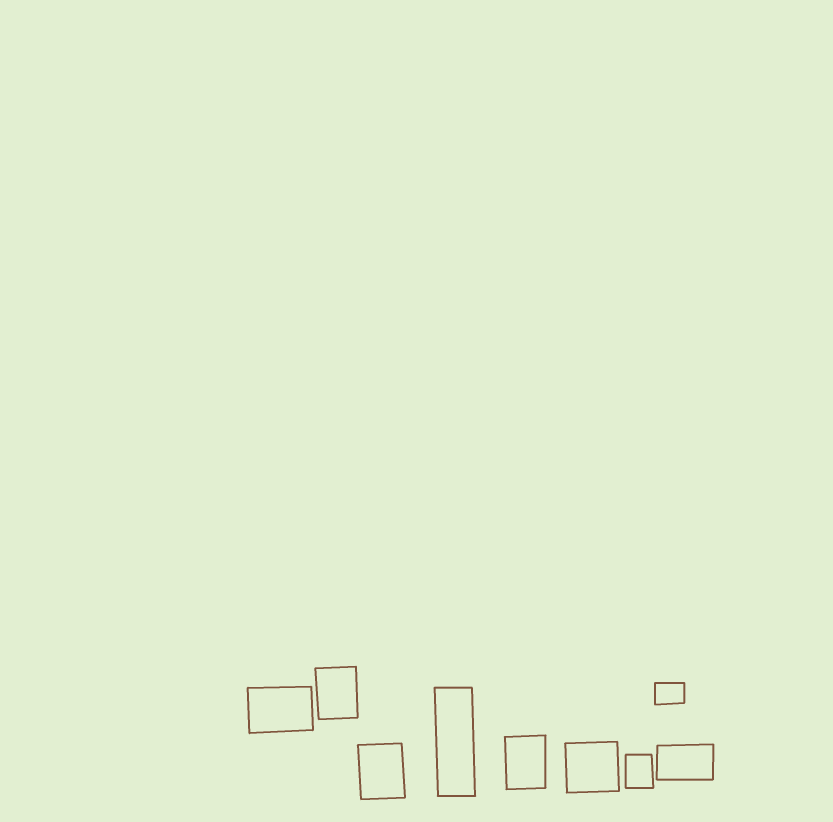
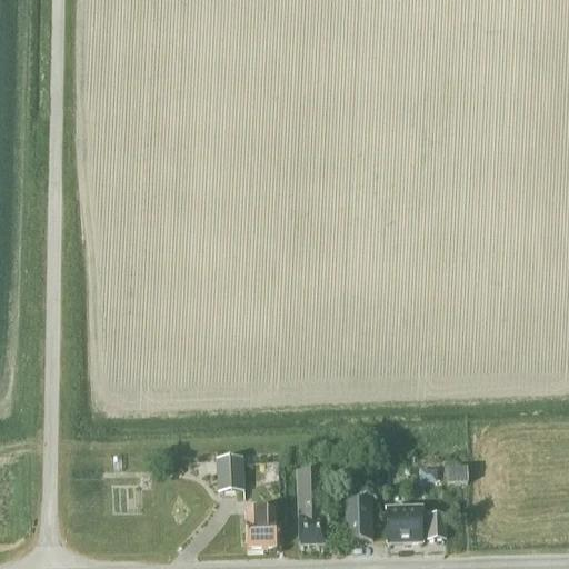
building: [248,687,313,733] -> none
building: [657,744,713,780] -> none

